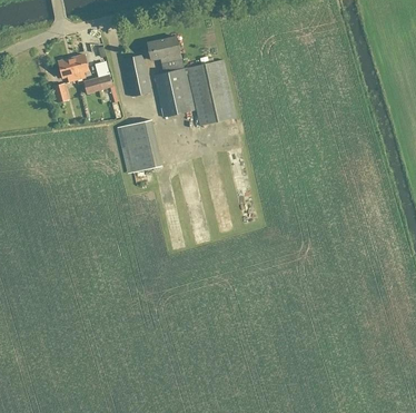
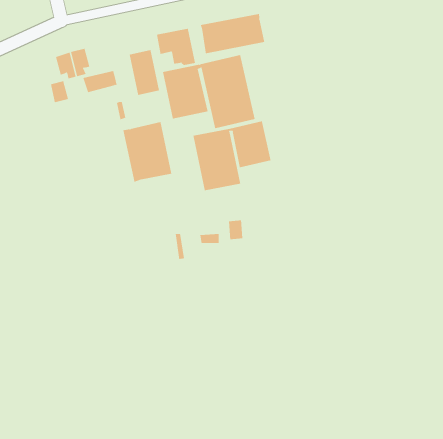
building: none -> [200,13,265,54]
building: none -> [193,120,271,191]

